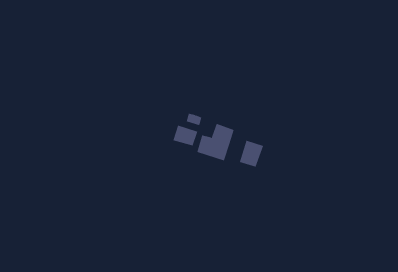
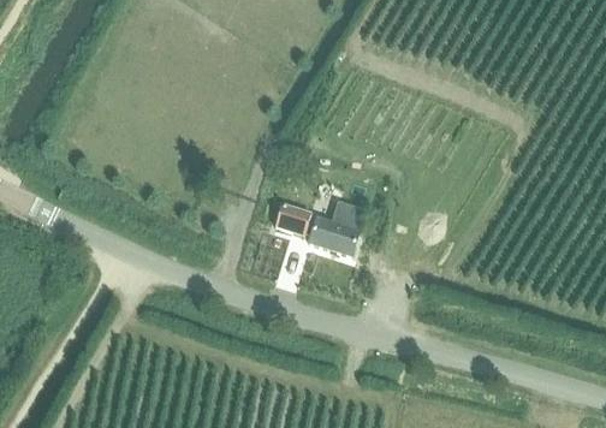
building: [239,140,264,168] -> none

